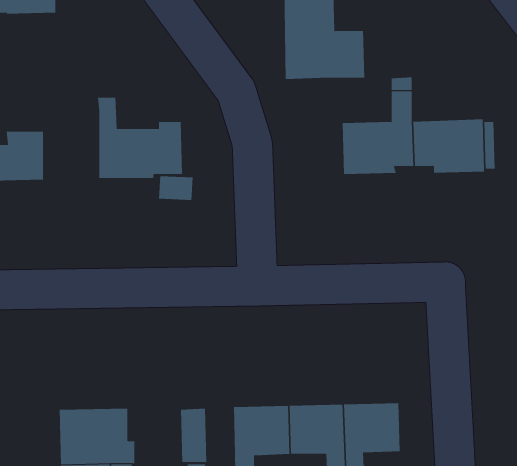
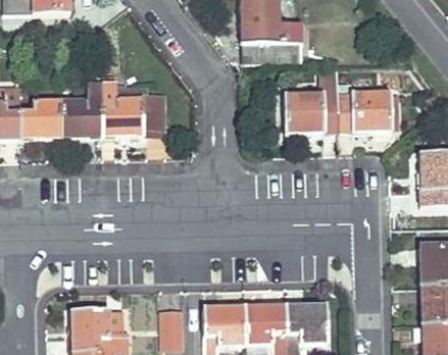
building: none -> [60,86,101,138]

